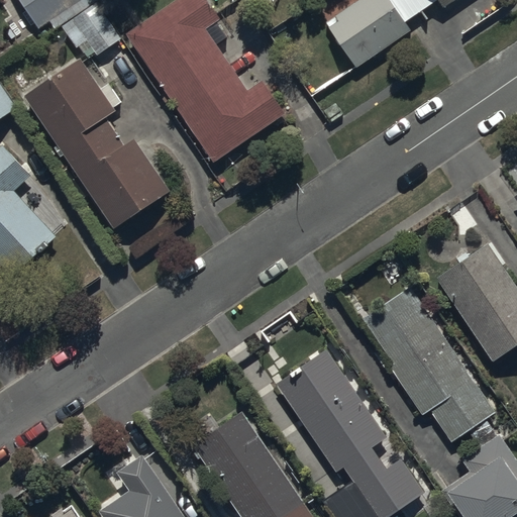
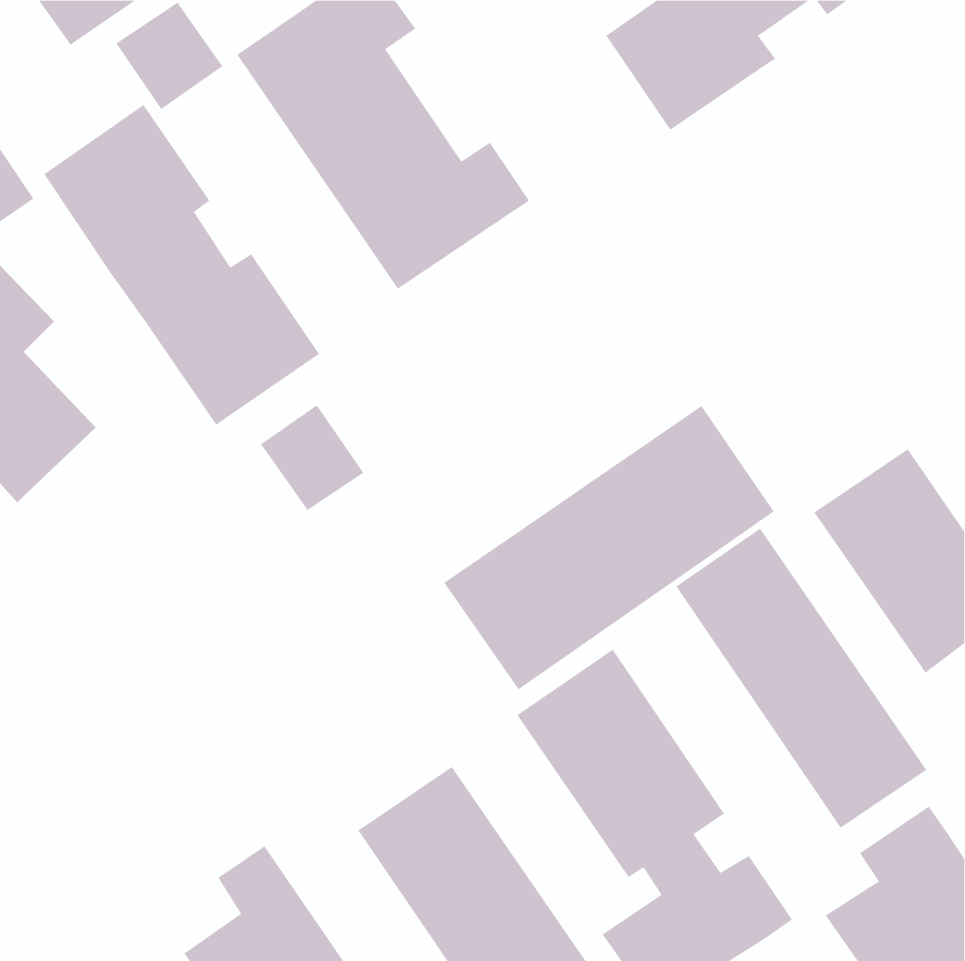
building: none -> [260,404,364,511]
building: none -> [443,405,775,690]

